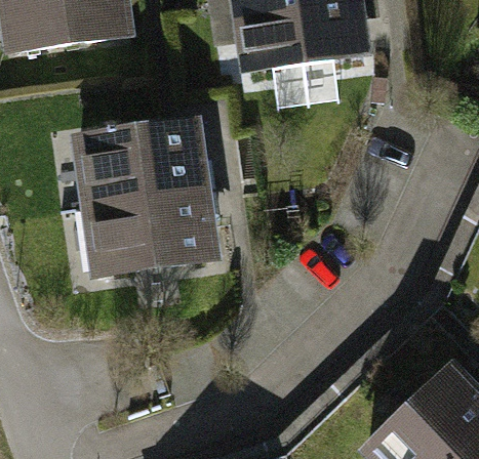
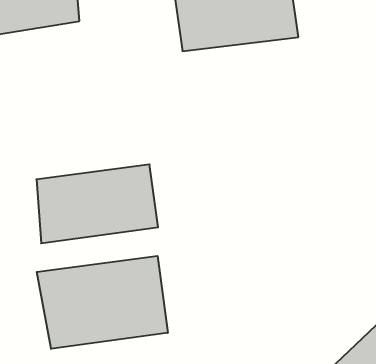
building: [75,113,208,210] -> none
building: none -> [37,256,168,349]

